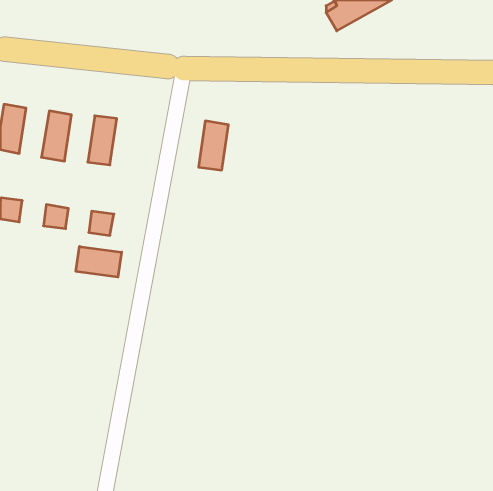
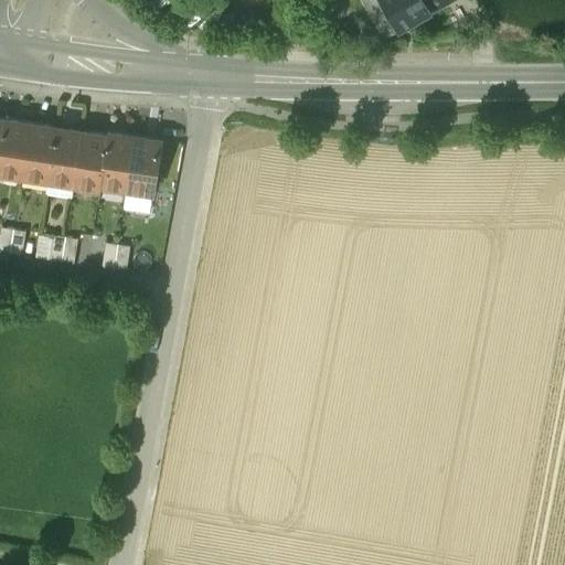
building: none -> [22,126,56,182]
building: none -> [74,134,108,190]
building: [199,121,228,170] -> [126,138,160,194]
building: [76,246,122,277] -> none

